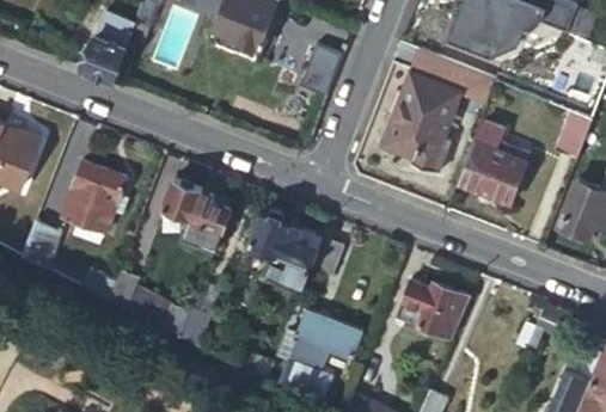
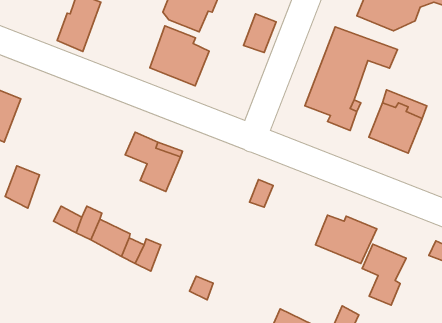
building: none -> [150,26,209,86]
building: [57,161,124,233] -> none
building: [252,213,322,288] -> none
building: [278,309,361,399] -> none
building: none -> [362,244,406,305]

